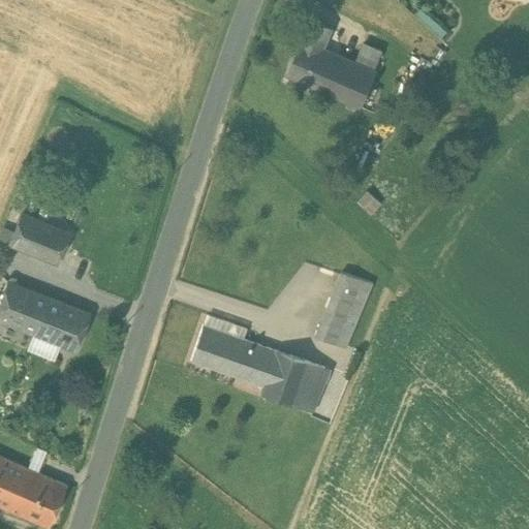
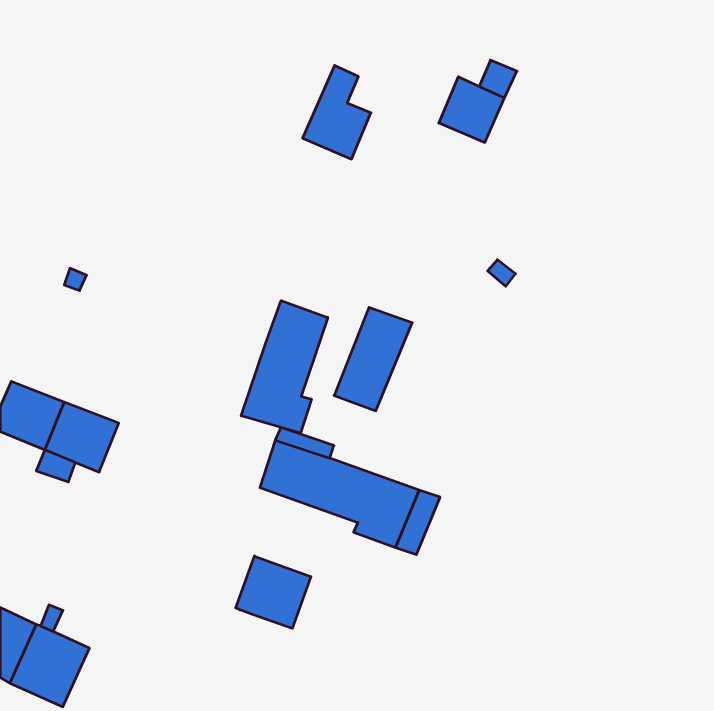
building: [288,24,339,93] -> [303,65,371,159]
building: [9,216,67,264] -> none
building: none -> [241,301,328,433]
building: [315,275,373,351] -> [334,307,412,411]
building: none -> [236,556,311,628]

